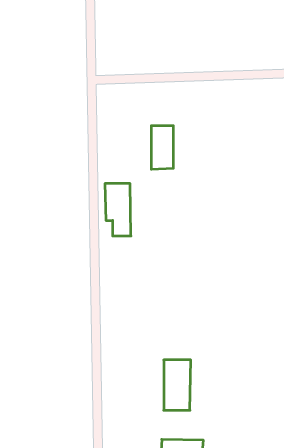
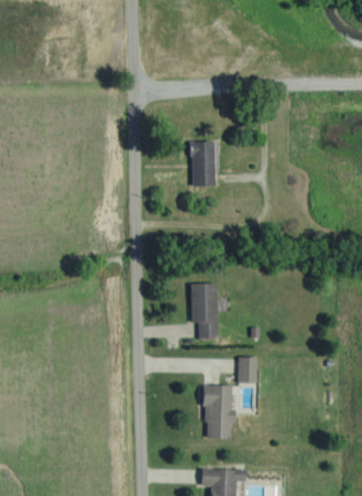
building: [105,184,131,236] -> [191,283,218,338]
building: none -> [237,357,256,382]

